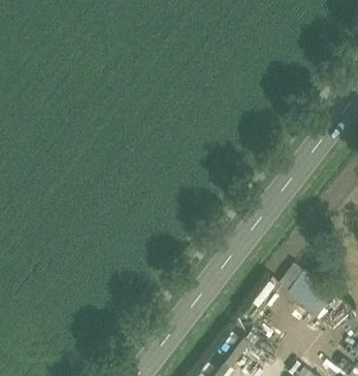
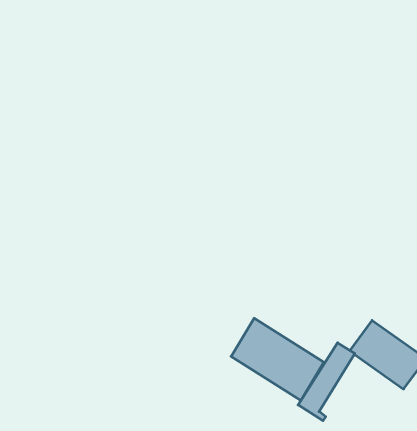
building: none -> [231,318,324,401]

